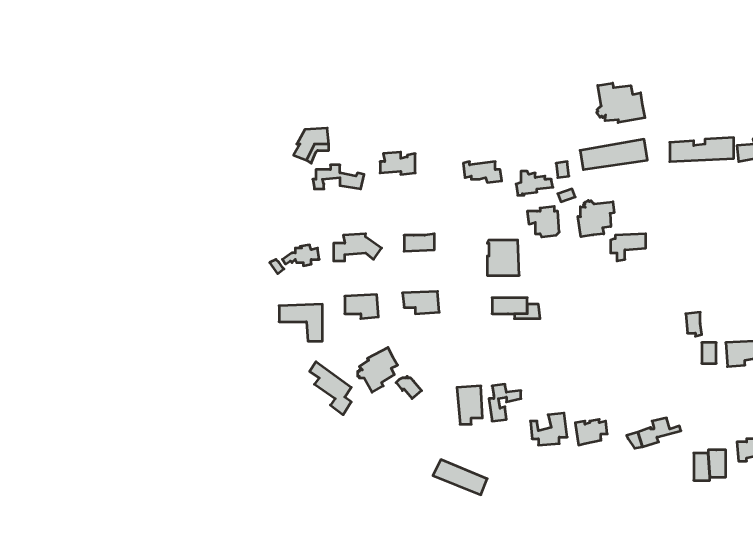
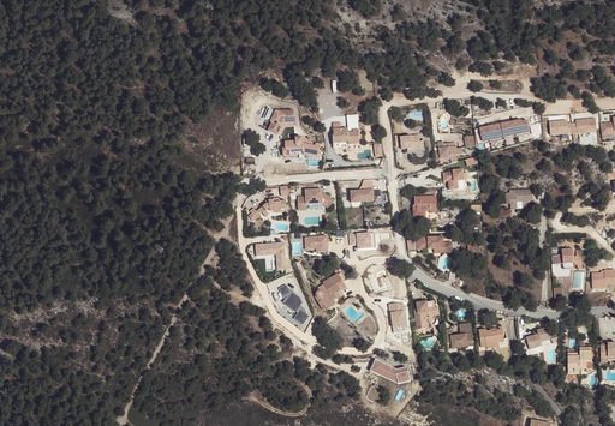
building: [597,83,645,123] -> none
building: [578,200,614,237] -> none

